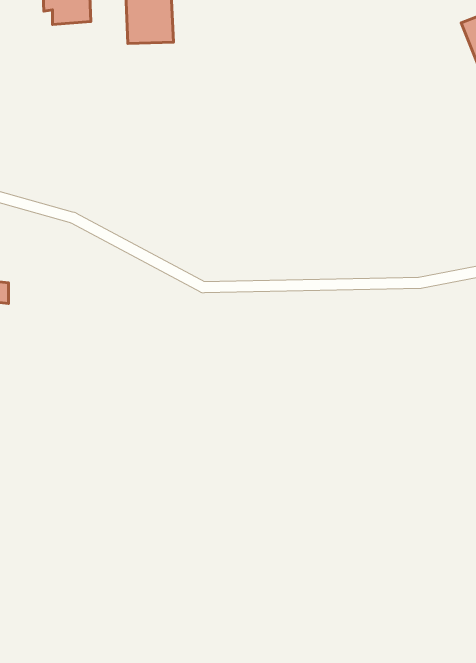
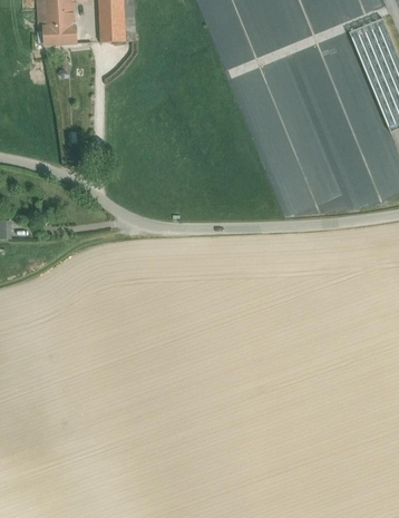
building: none -> [42,25,75,45]

